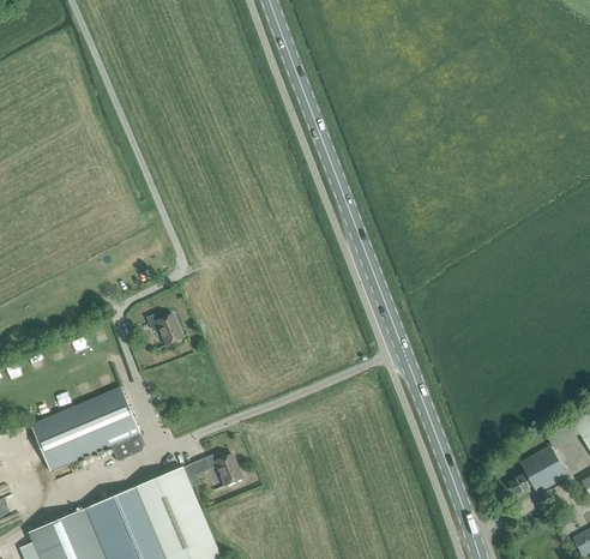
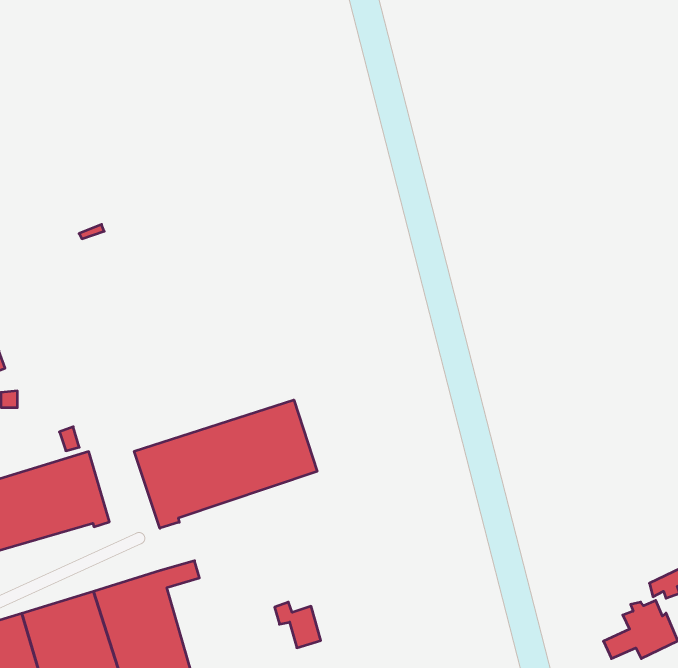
building: [146,313,183,344] -> none
building: none -> [134,400,317,528]
building: [206,452,242,485] -> [275,602,321,648]

